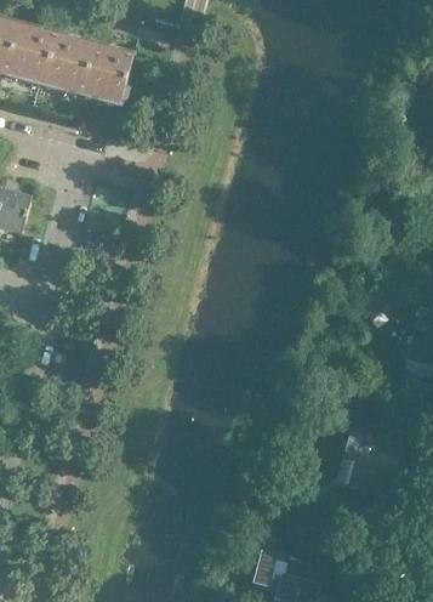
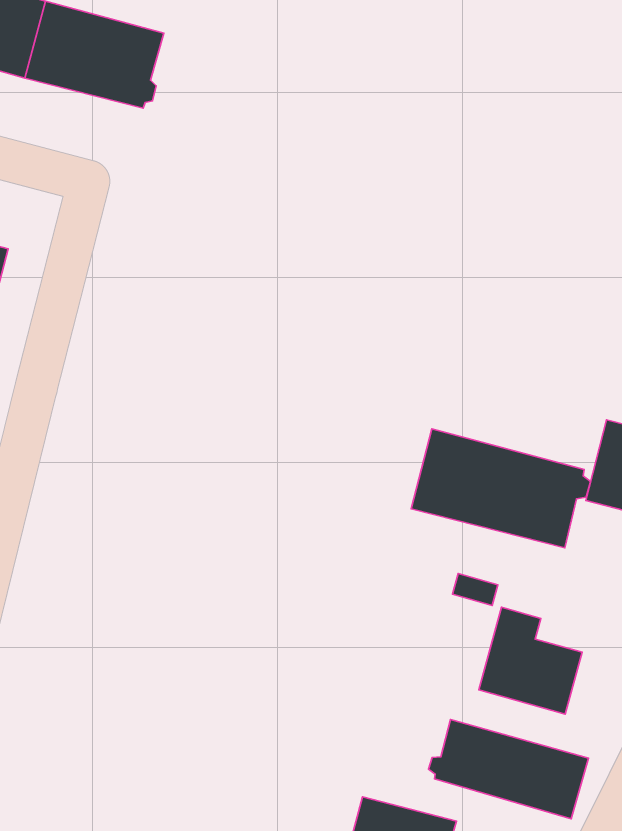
building: none -> [411,429,591,548]
building: none -> [428,719,588,819]

